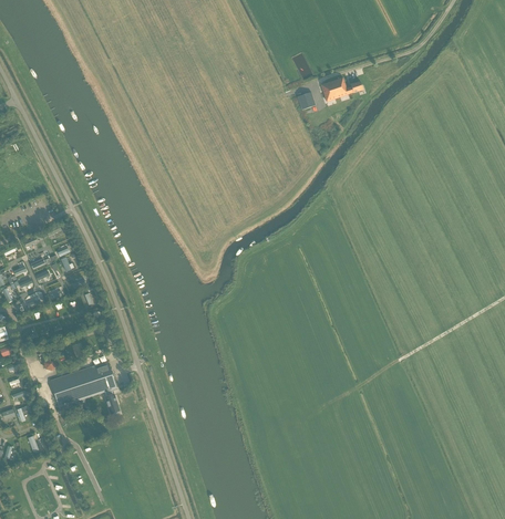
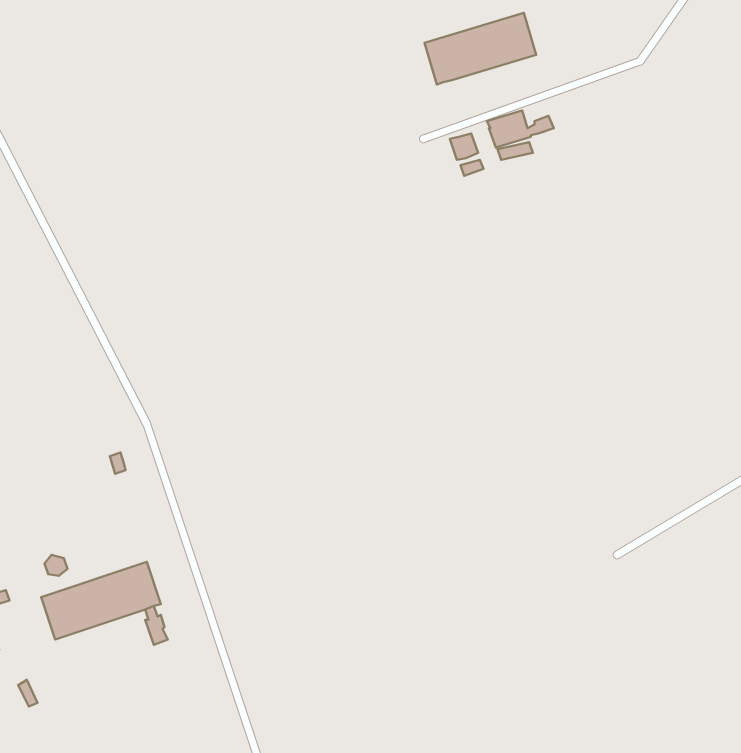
building: none -> [424,13,536,85]

